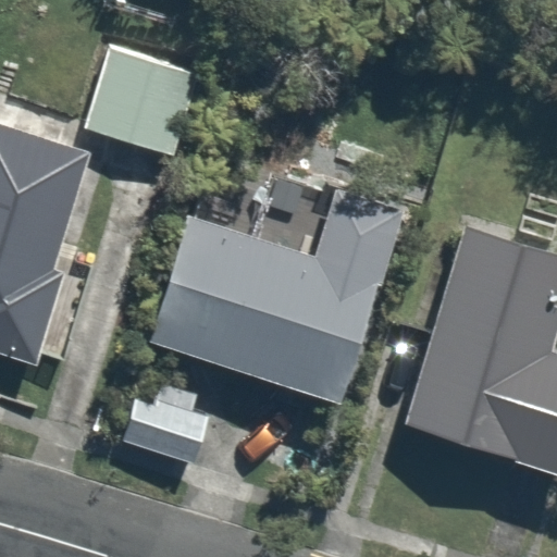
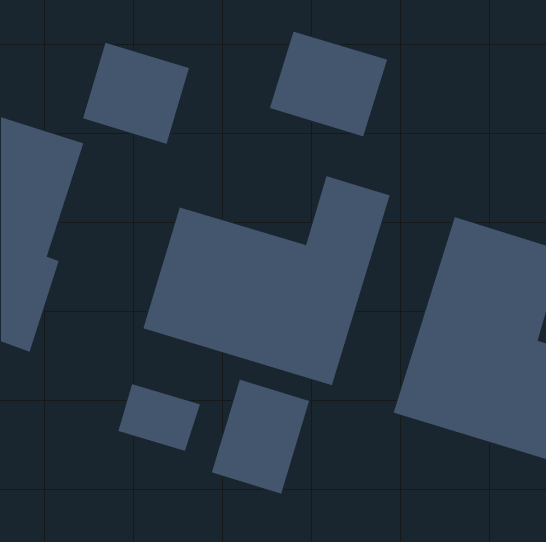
building: none -> [269,31,388,137]
building: none -> [211,379,310,495]

